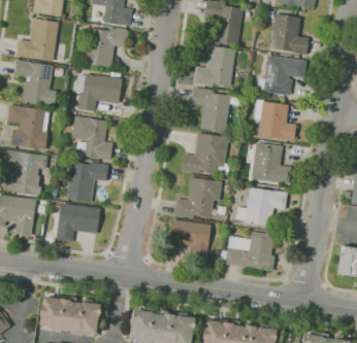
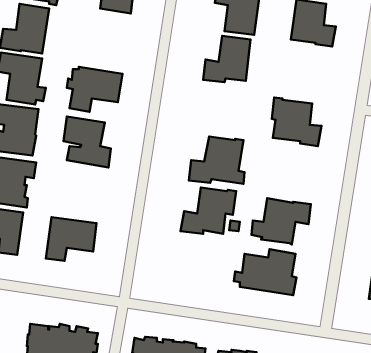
building: [83,27,129,68] -> none
building: [258,55,307,95] -> none
building: [192,87,231,132] -> none
building: [252,142,291,183] -> none
building: [67,161,109,202] -> none
building: [169,218,212,265] -> none

